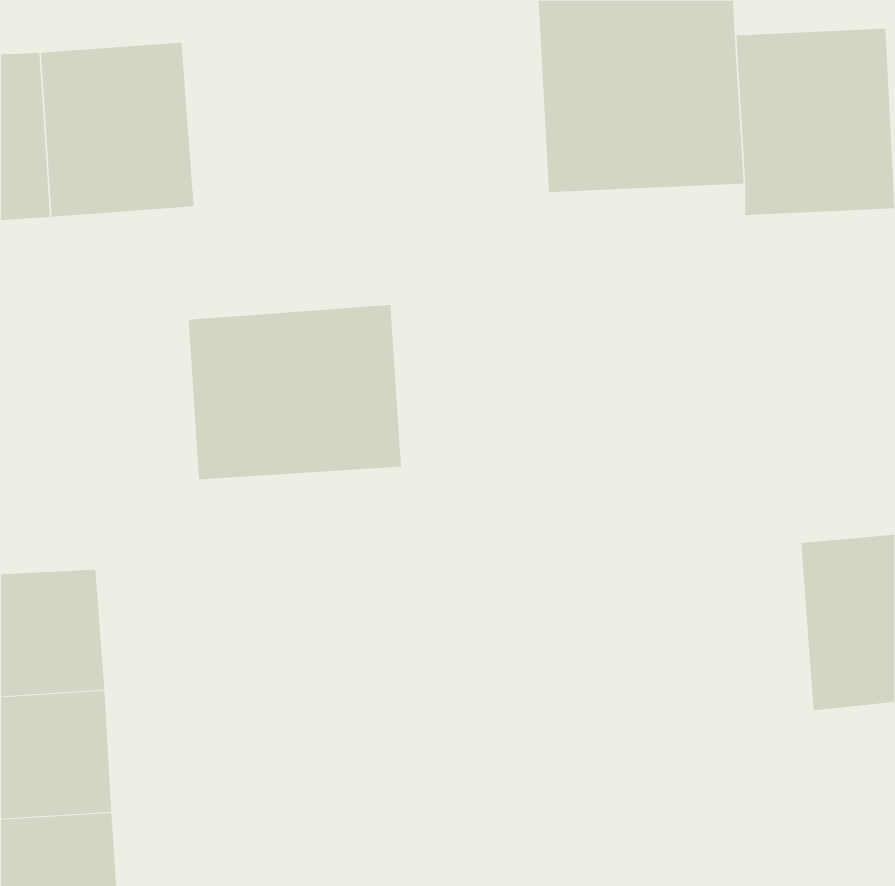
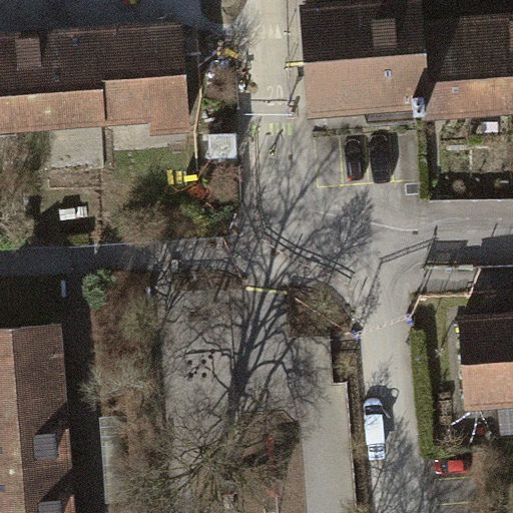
building: none -> [104,24,193,135]
building: [188,304,401,480] -> none

